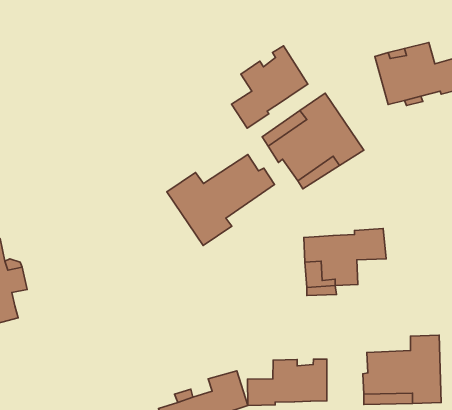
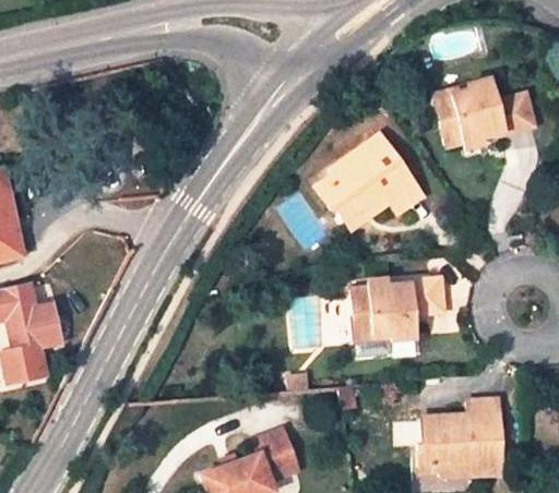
building: [231,46,308,128] -> none
building: [167,154,275,245] -> none
building: [248,359,327,405] -> none

